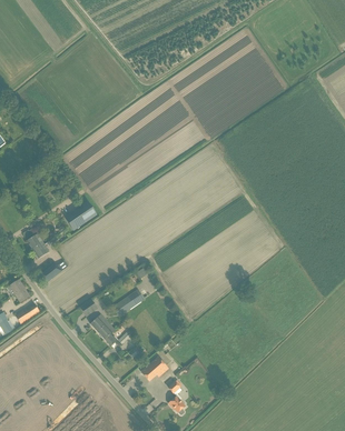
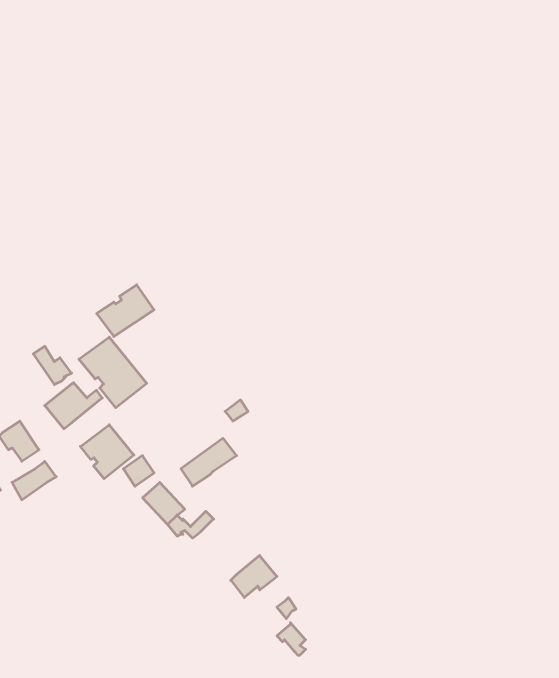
building: none -> [79,337,147,408]
building: none -> [80,425,134,479]

